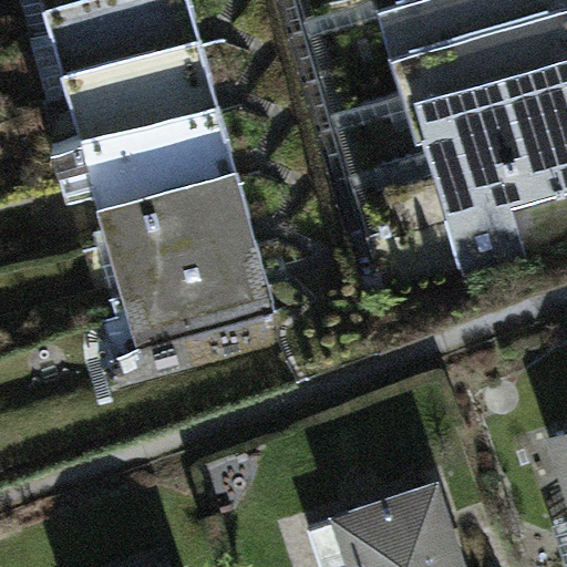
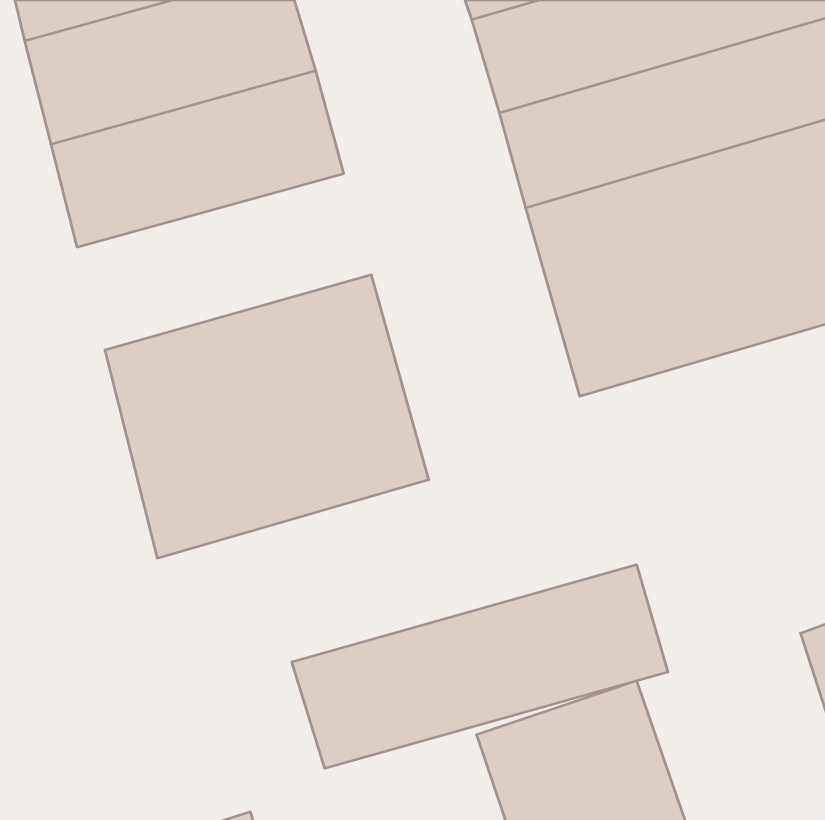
building: [60,128,259,248] -> none
building: none -> [292,565,668,768]

